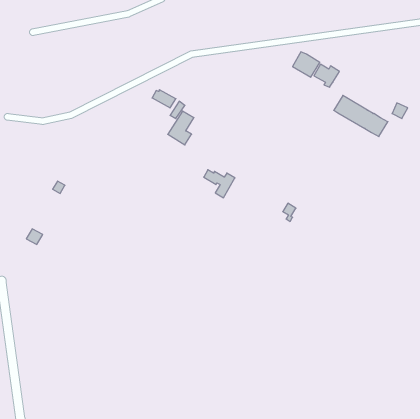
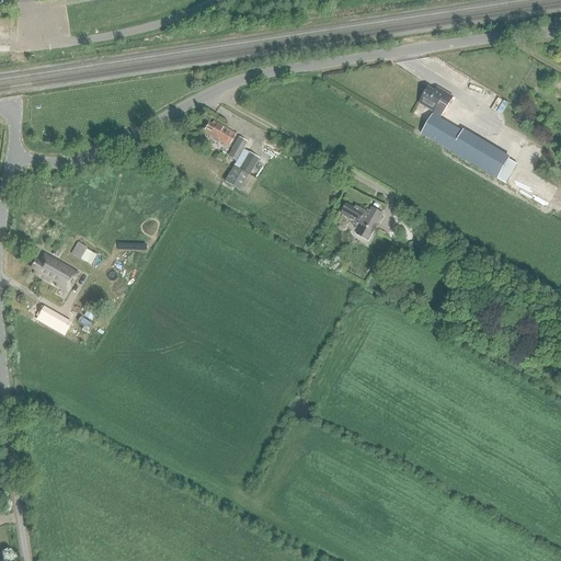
building: [293,52,320,77] -> [421,113,457,147]
building: [204,170,235,198] -> [341,202,382,239]
building: none -> [30,253,72,286]

